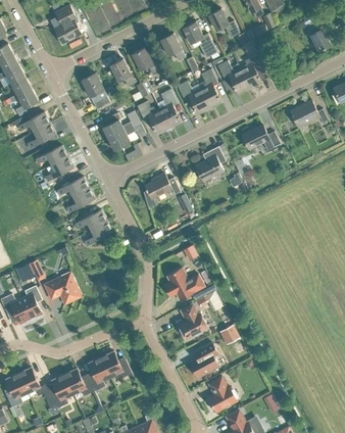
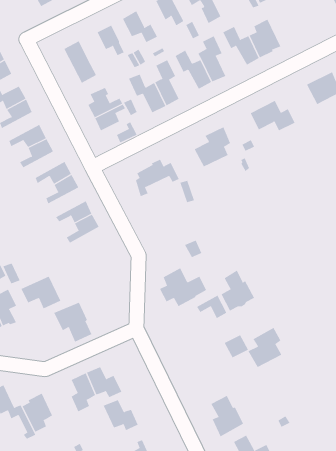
building: none -> [53,302,92,342]
building: [178,303,207,339] -> [220,270,255,312]
building: [189,342,218,377] -> [248,327,282,368]
building: [63,369,94,395] -> [103,400,139,431]

